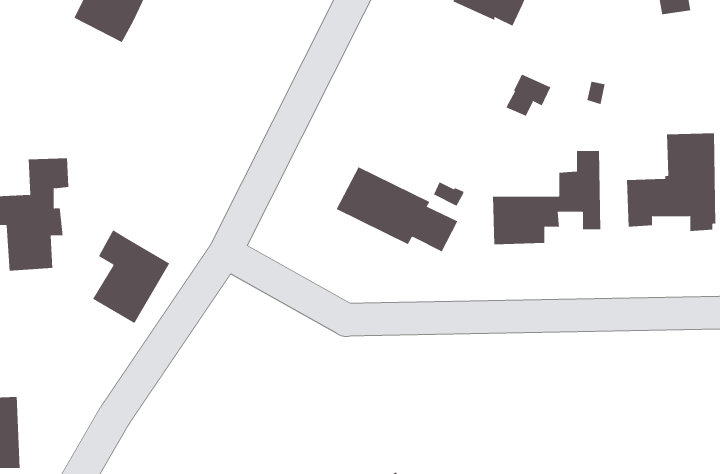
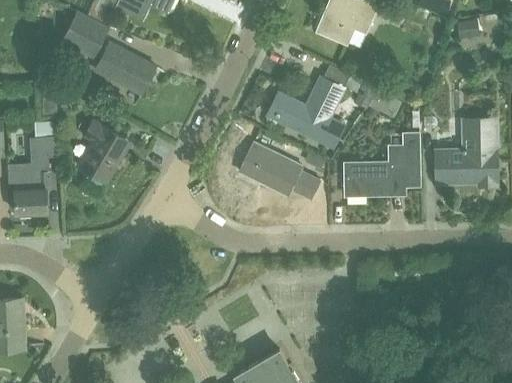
building: none -> [95,43,155,94]
building: none -> [268,78,350,147]
building: [92,230,170,324] -> [77,119,130,183]

